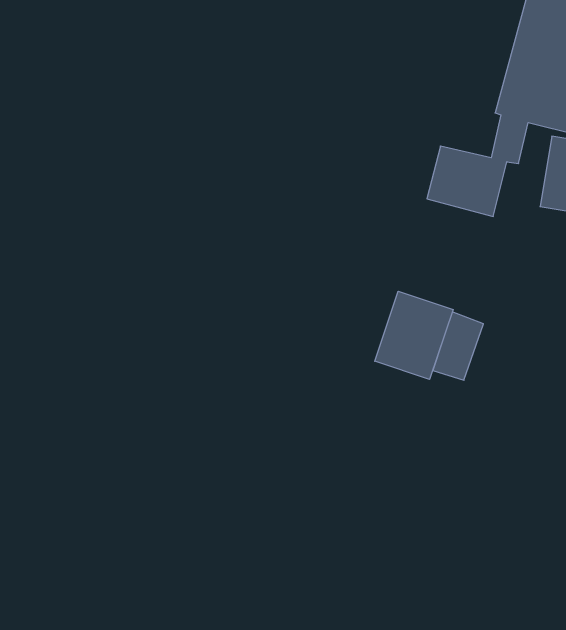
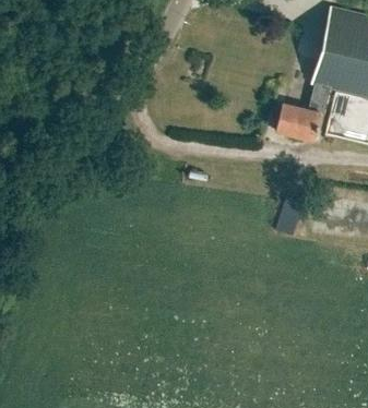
building: [375,291,453,379] -> none

